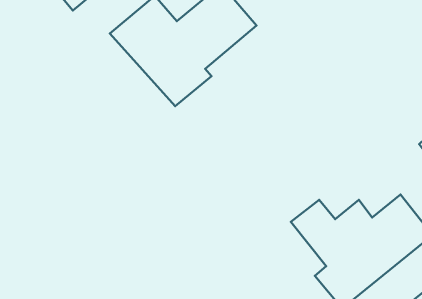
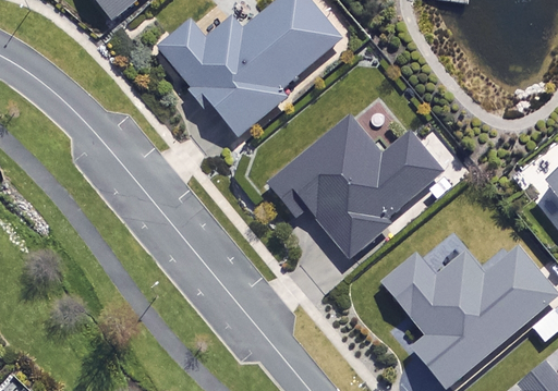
building: none -> [270,118,441,255]

